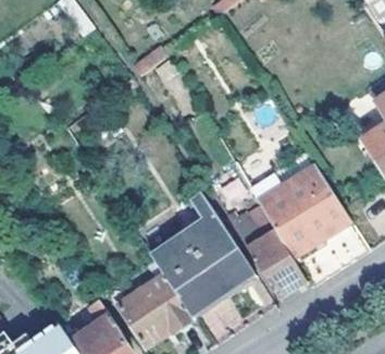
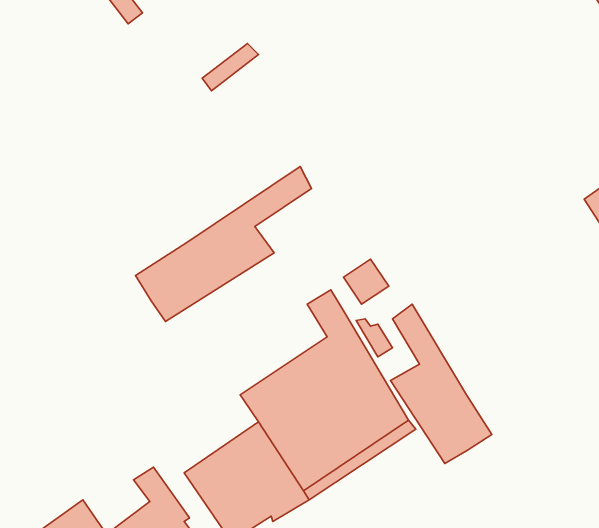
building: none -> [135,167,311,321]
building: [257,166,349,257] -> none

